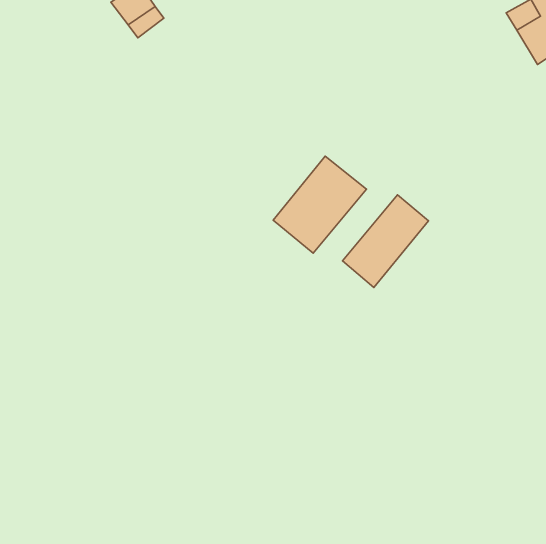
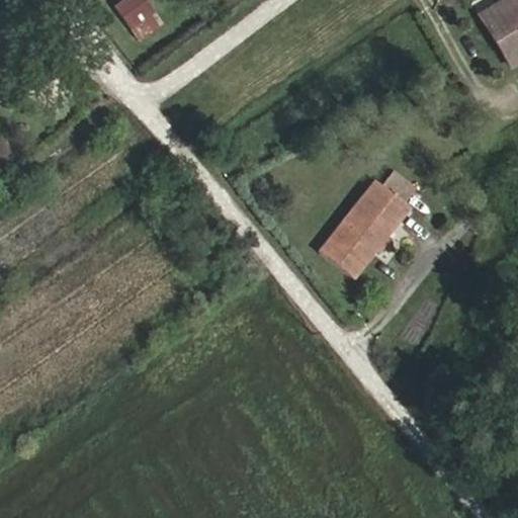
building: [273,156,366,253] -> none

